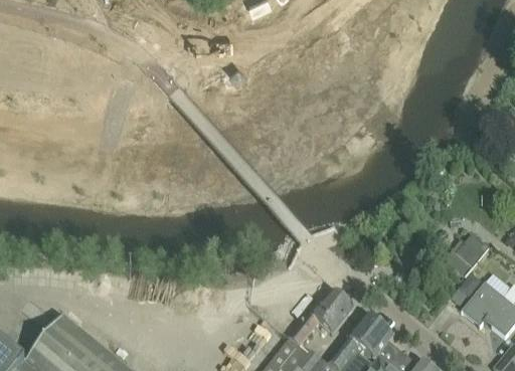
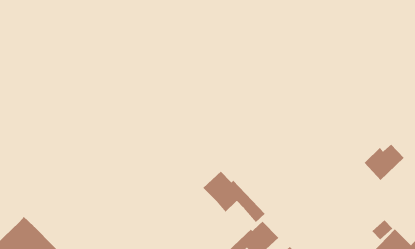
building: [444,234,489,277] -> [364,144,405,181]
building: none -> [202,171,266,223]

